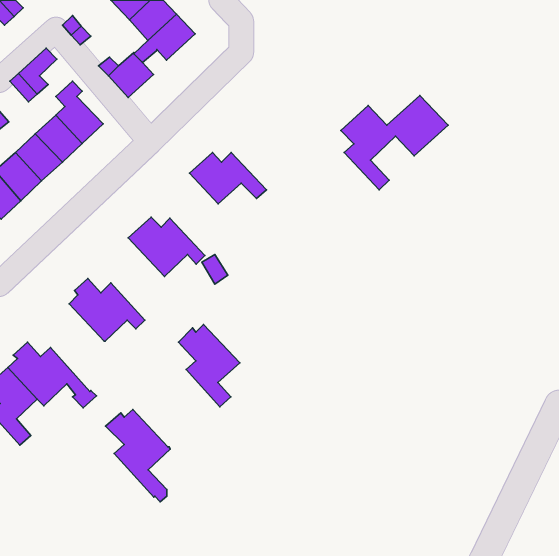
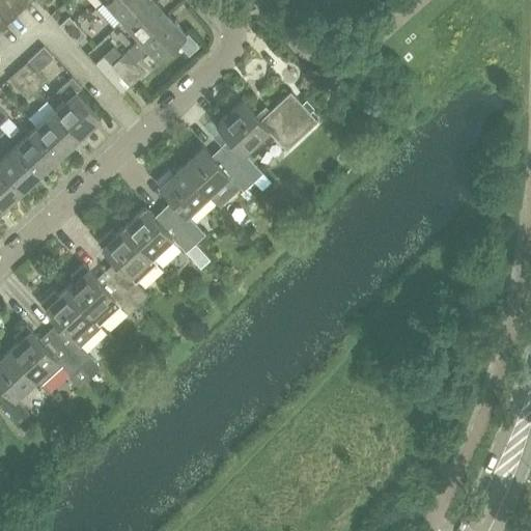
building: [341,96,448,190] -> [216,94,317,184]
building: none -> [155,168,206,246]
building: [178,325,240,407] -> [97,229,156,307]
building: [106,410,170,502] -> [39,291,101,379]

